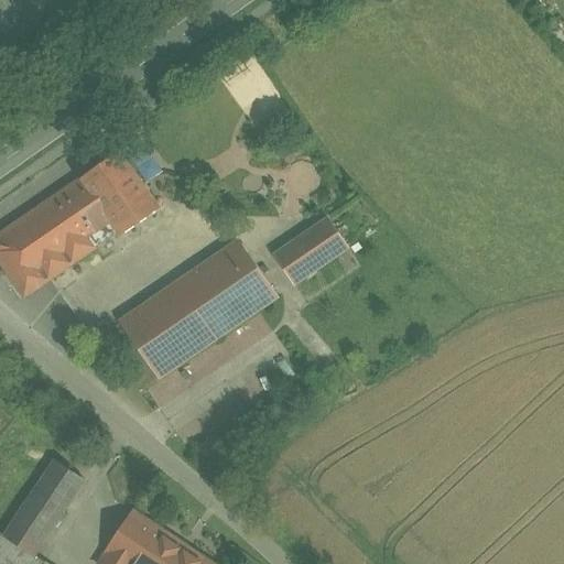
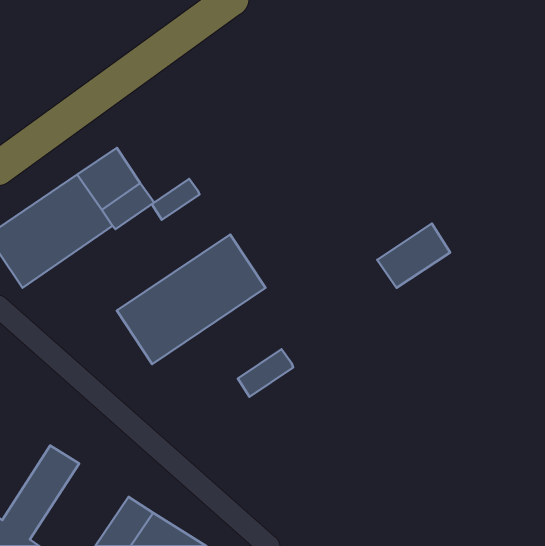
building: none -> [152,179,199,220]
building: [272,218,347,284] -> [377,223,450,288]
building: none -> [238,349,293,397]

